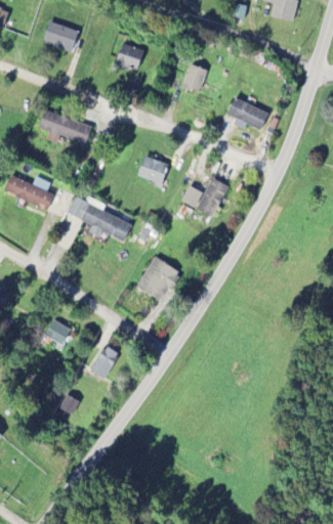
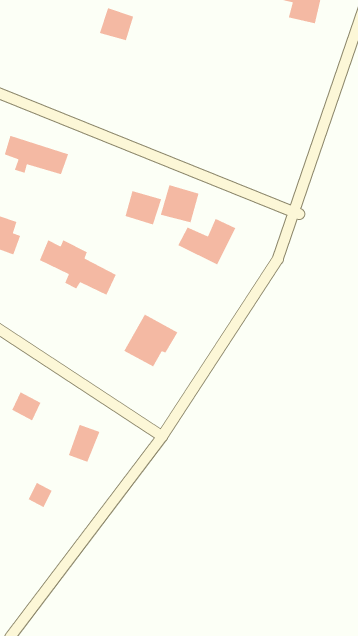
building: [42,21,78,51] -> none
building: [115,42,143,70] -> [99,7,134,41]
building: [182,63,207,92] -> none
building: [227,97,268,129] -> none
building: none -> [160,184,200,223]

